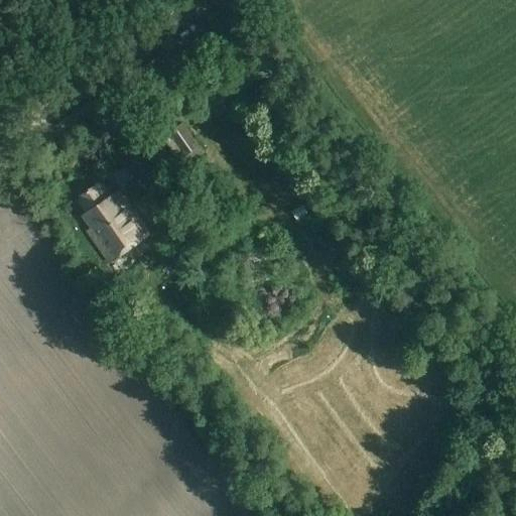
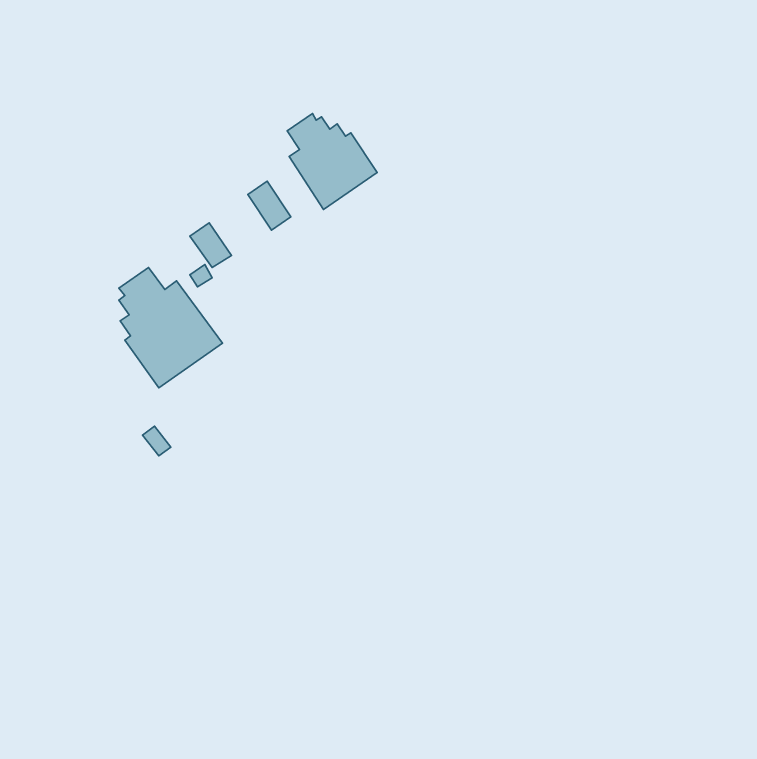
building: none -> [287,114,377,209]

